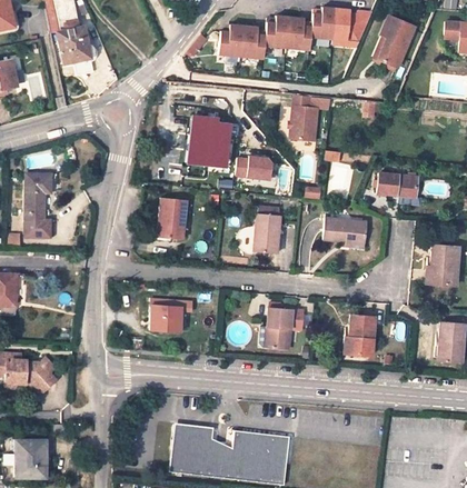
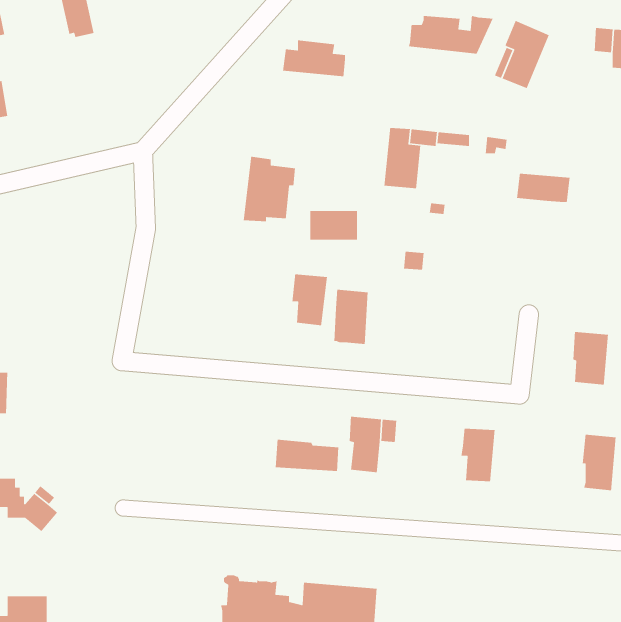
building: [264,21,310,49] -> none
building: [56,26,97,63] -> none
building: [377,173,417,196] -> [516,173,571,203]
building: [23,175,50,237] -> none
building: [159,199,186,238] -> [292,273,328,326]
building: [326,218,367,243] -> none
building: [150,305,181,331] -> none
building: none -> [275,439,339,472]

